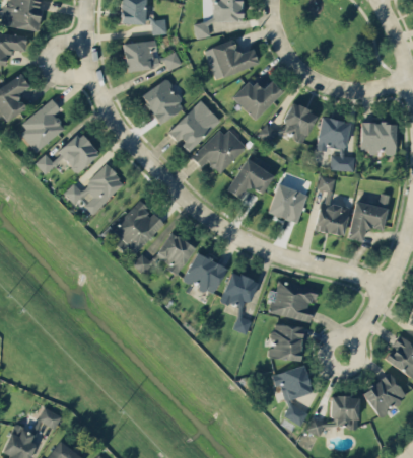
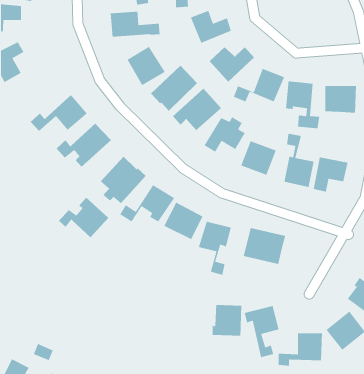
building: [18,98,66,151] -> none
building: none -> [58,197,109,238]
building: [269,324,302,360] -> [212,304,242,336]

